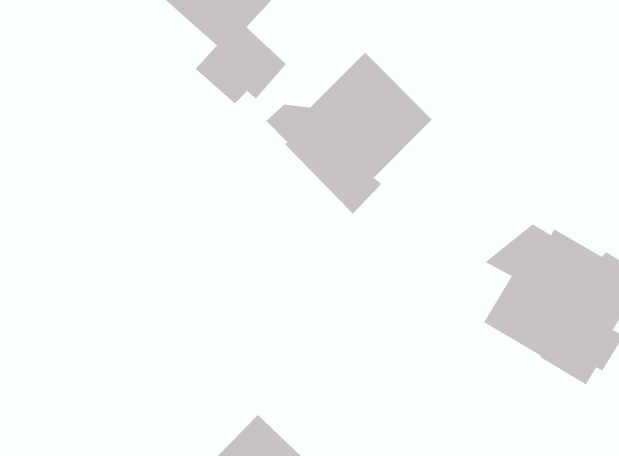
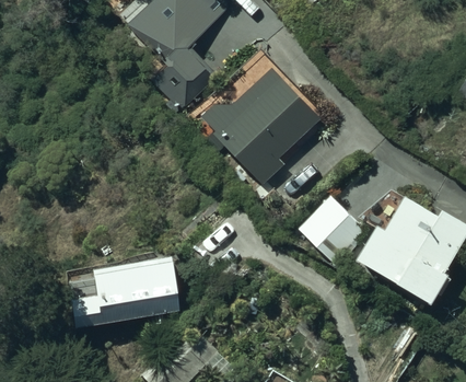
building: none -> [298,196,366,264]
building: none -> [70,256,180,329]

